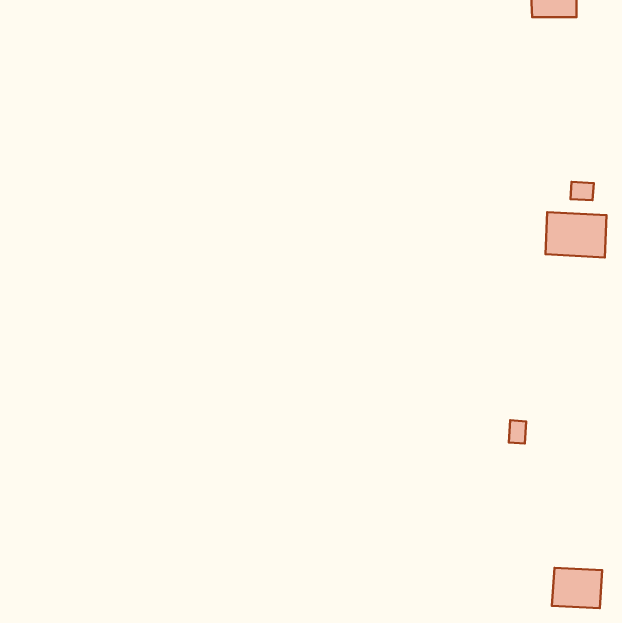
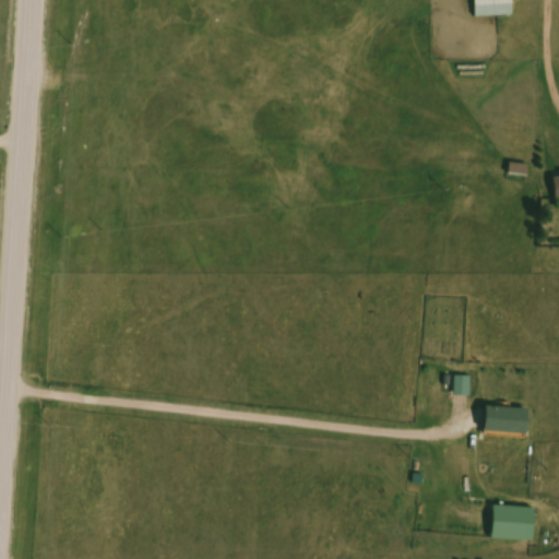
building: [546,212,607,257] -> none
building: none -> [487,406,527,431]

